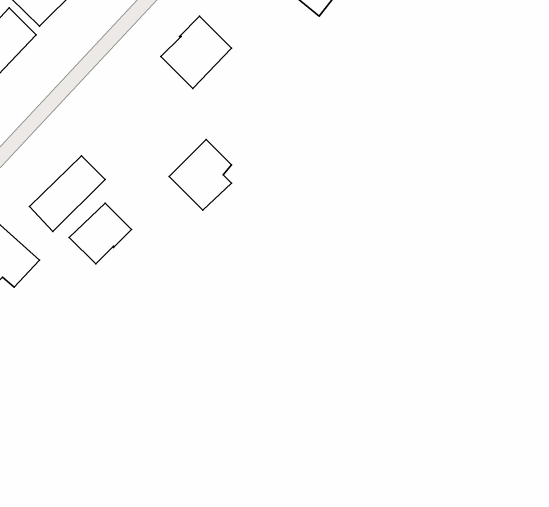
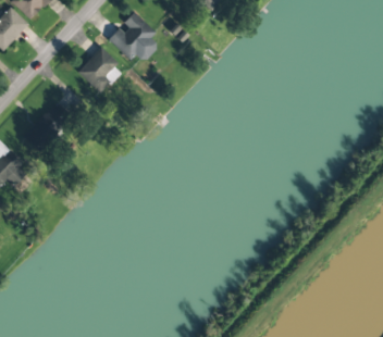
building: [169,140,232,210] -> [77,48,118,93]
building: [69,203,131,264] -> none

